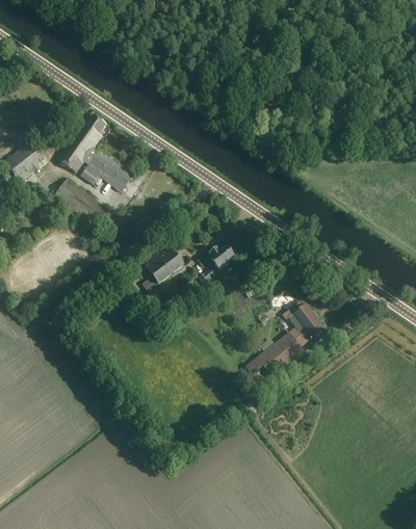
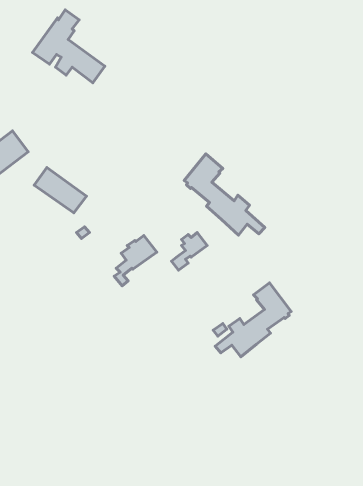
building: [58,114,134,191] -> [33,10,105,83]
building: none -> [184,154,265,235]

